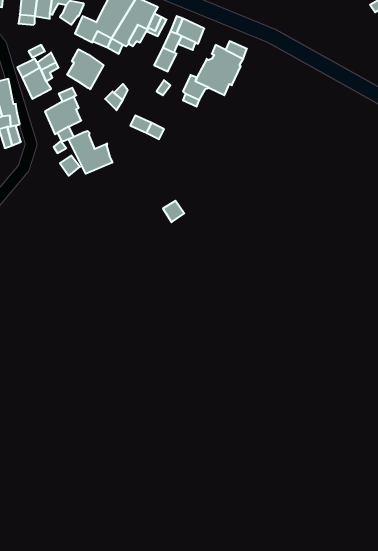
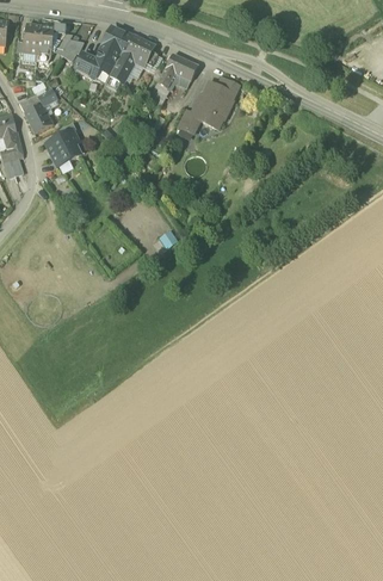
building: [67,49,104,89] -> none
building: [68,131,112,174] -> none

